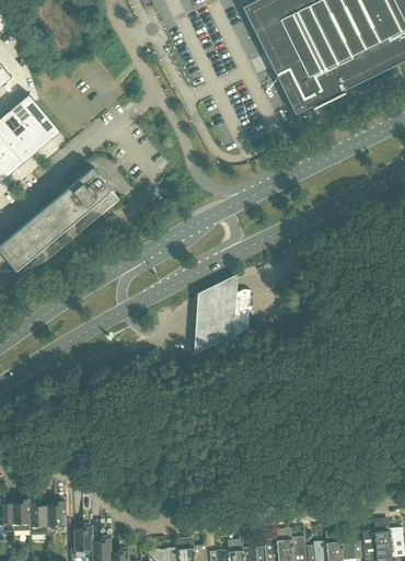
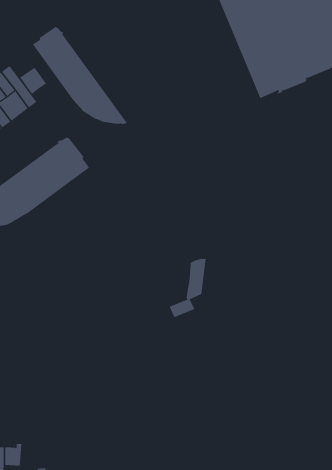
building: none -> [32,26,128,125]
building: none -> [20,67,47,95]
building: [195,274,239,353] -> none

